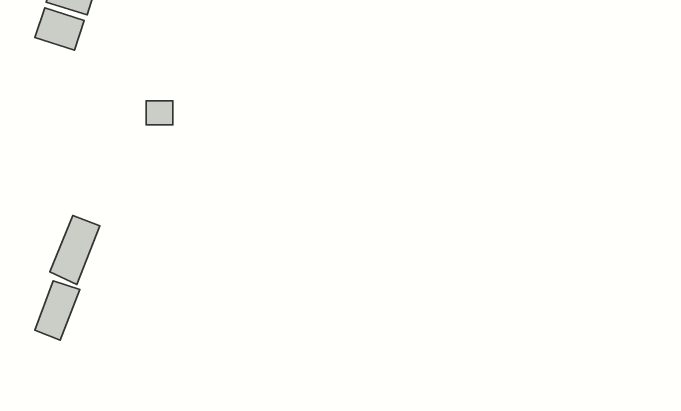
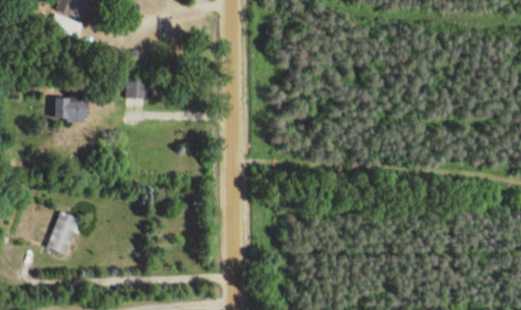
building: none -> [55,97,89,121]
building: [50,215,100,285] -> none

